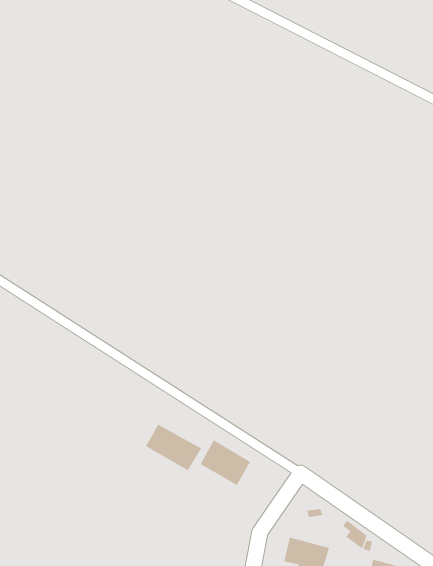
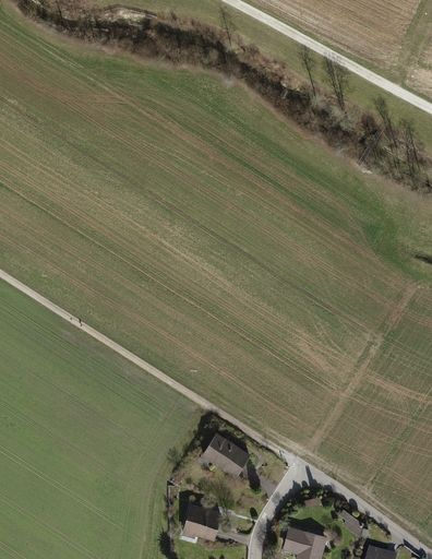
building: [145,424,202,471] -> none
building: none -> [182,504,223,540]

